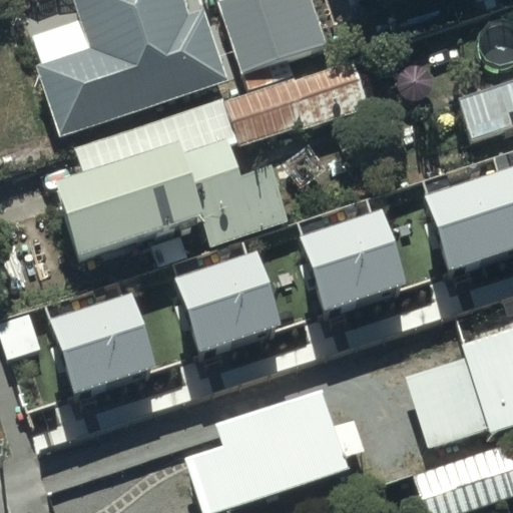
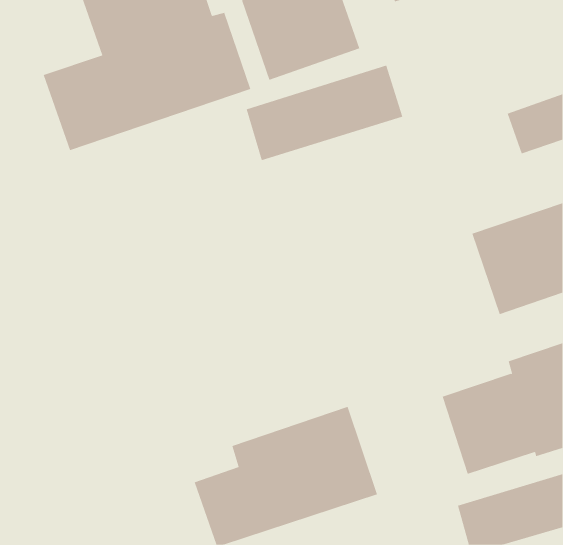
building: [54,144,284,273] -> none
building: [303,225,411,329] -> none
building: [179,269,285,368] -> none
building: [53,310,161,412] -> none

